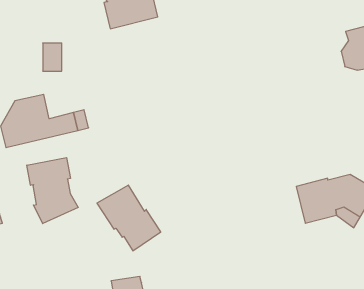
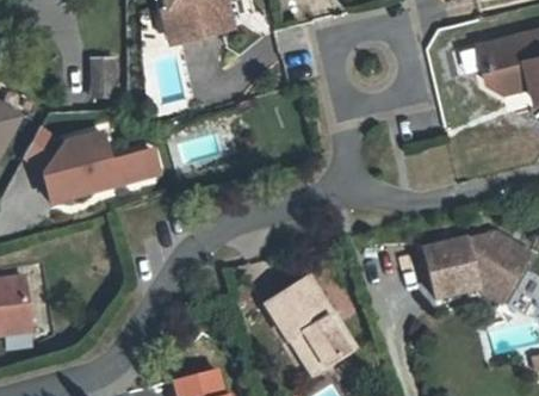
building: [27,158,78,224] -> none
building: [97,185,161,251] -> [265,283,349,370]

